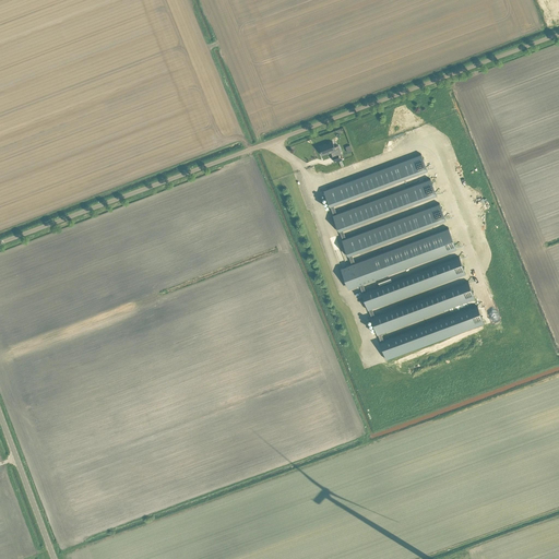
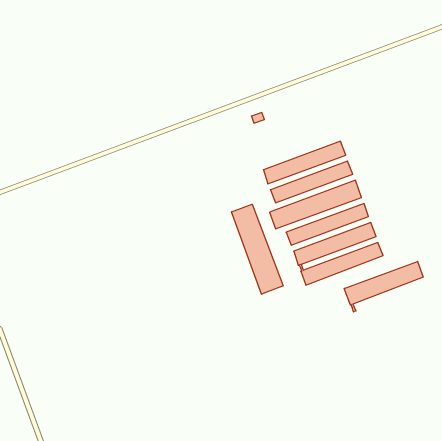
building: [322,155,426,209] -> none
building: none -> [232,204,283,294]
building: none -> [344,261,423,312]

